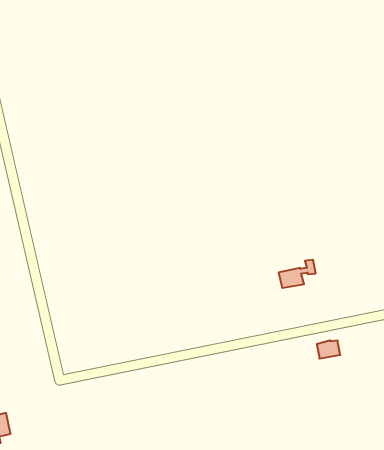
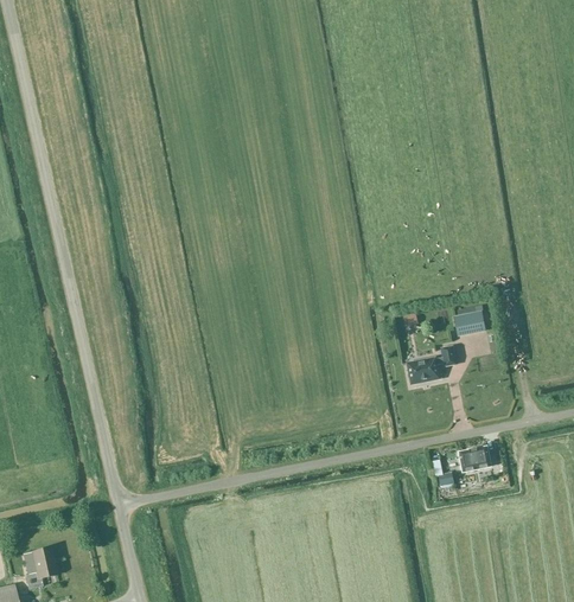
building: none -> [454,310,486,335]

